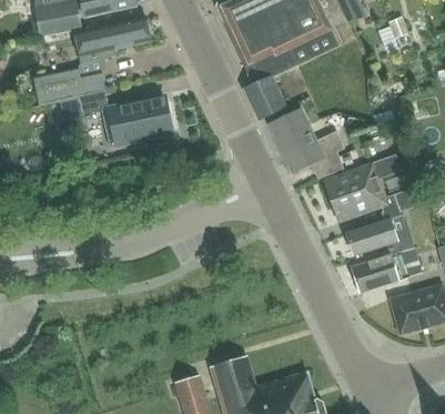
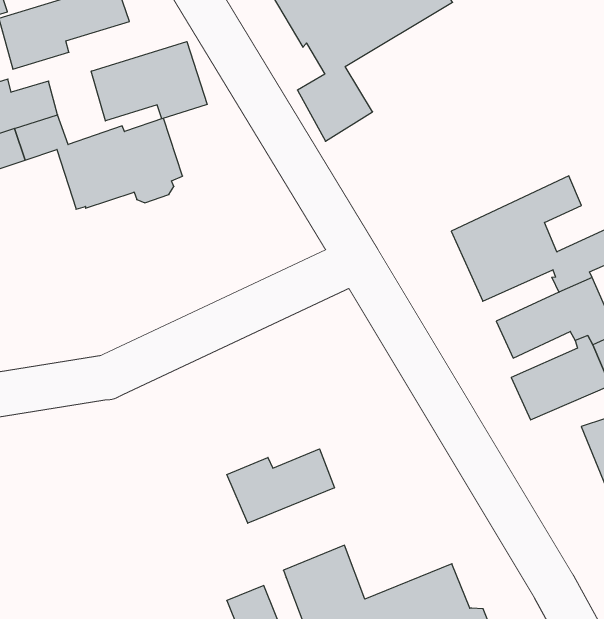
building: none -> [91,42,207,121]
building: [271,110,344,179] -> none
building: none -> [227,449,334,523]

